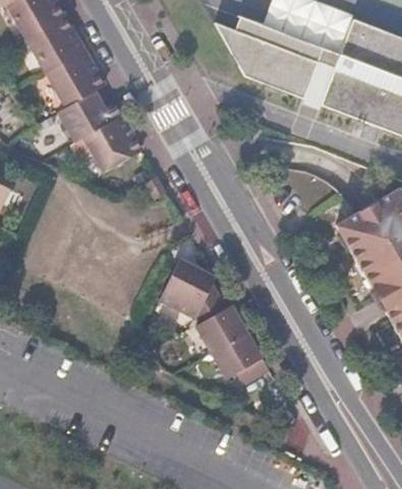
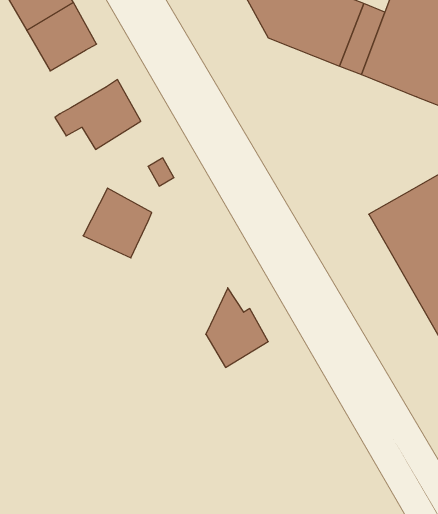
building: [57,87,112,140] -> none
building: [159,257,216,315] -> [83,188,152,258]
building: [211,329,269,383] -> none

